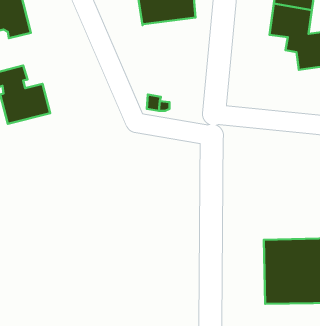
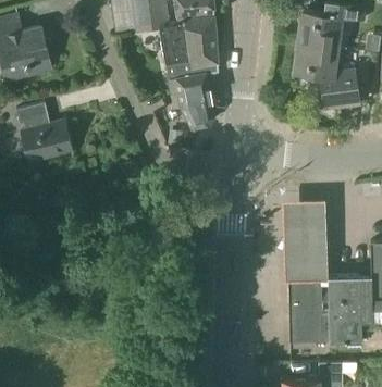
building: none -> [167,54,219,128]
building: none -> [276,205,322,274]

